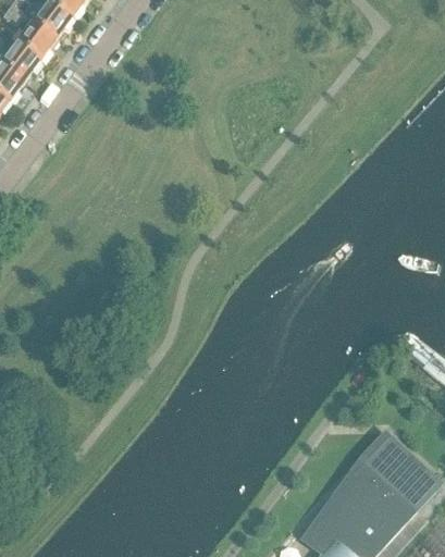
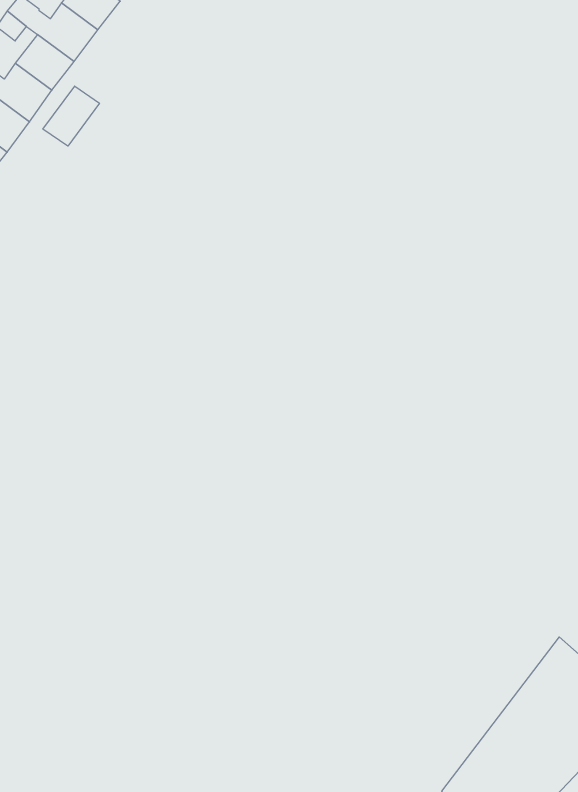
building: none -> [43,86,99,146]

